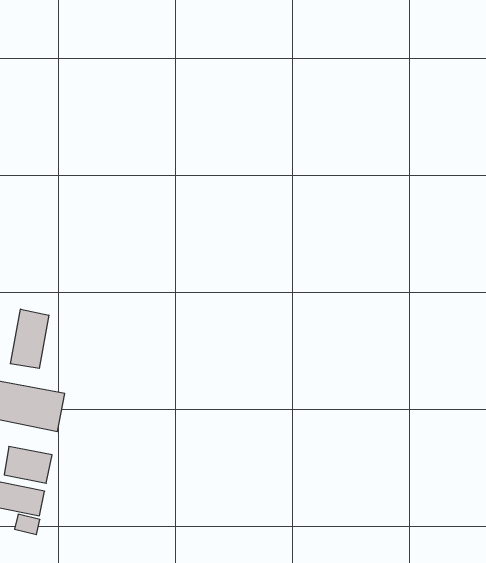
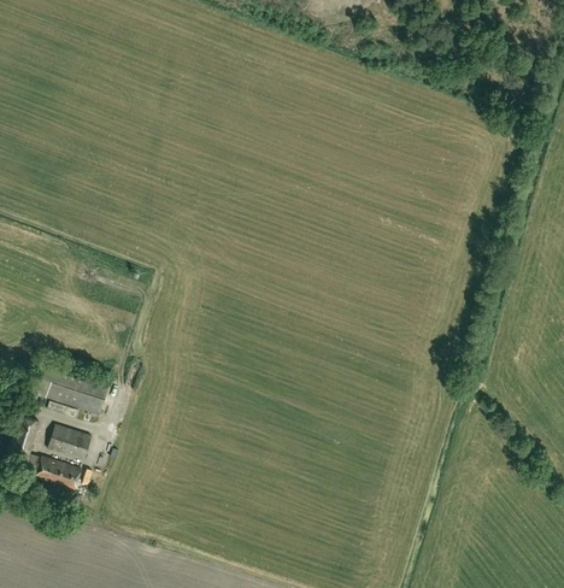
building: [10,309,49,368] -> none

